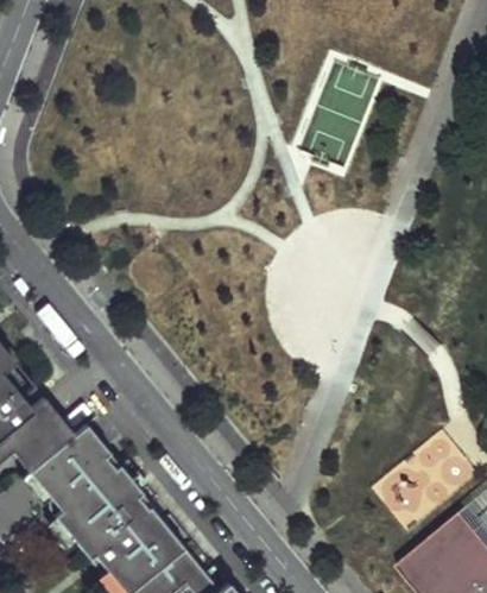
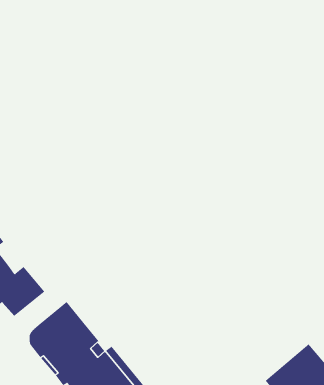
building: [27,424,105,498] -> none
building: [377,443,473,522] -> none

